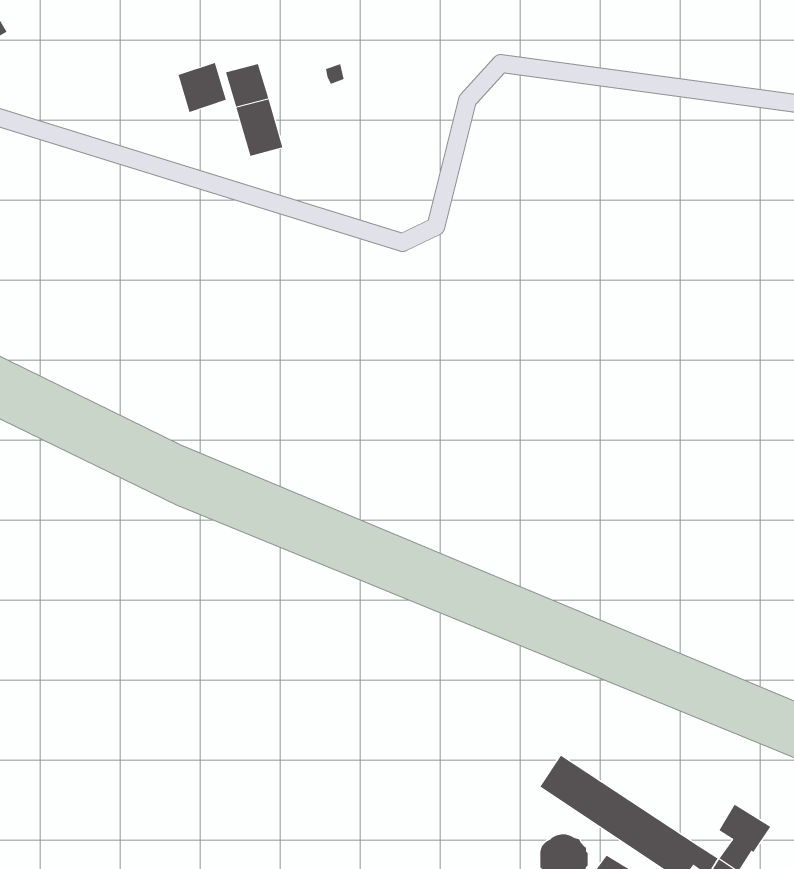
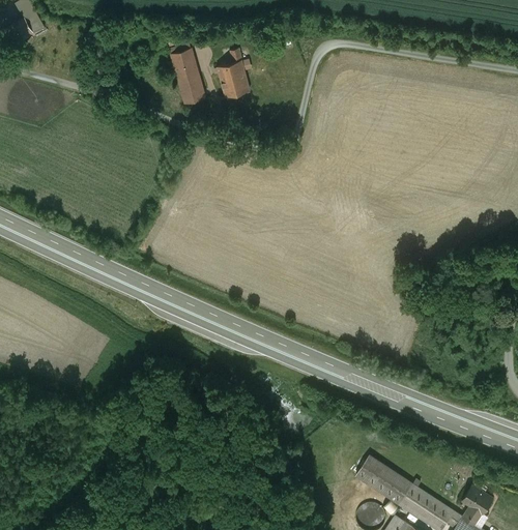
building: [178,62,227,113] -> none
building: none -> [217,60,250,96]

